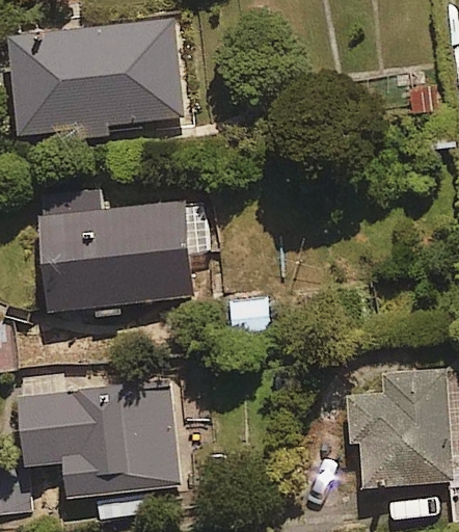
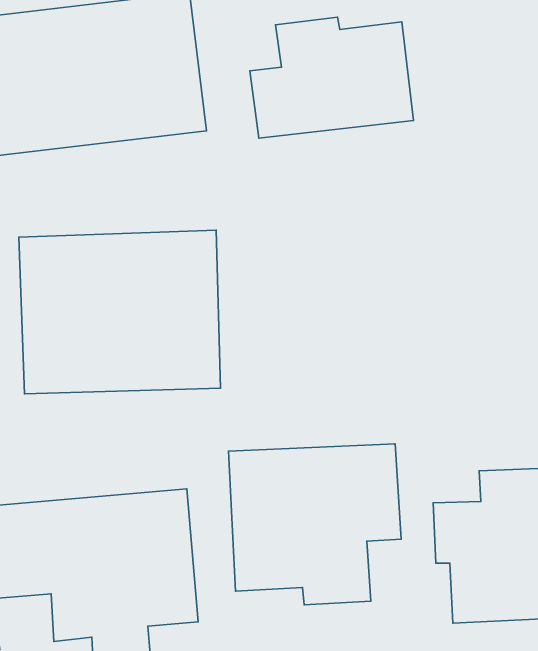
building: none -> [250,17,414,138]
building: none -> [228,444,401,605]

